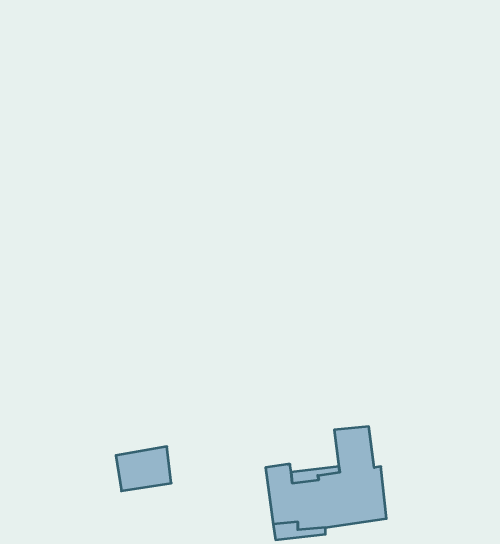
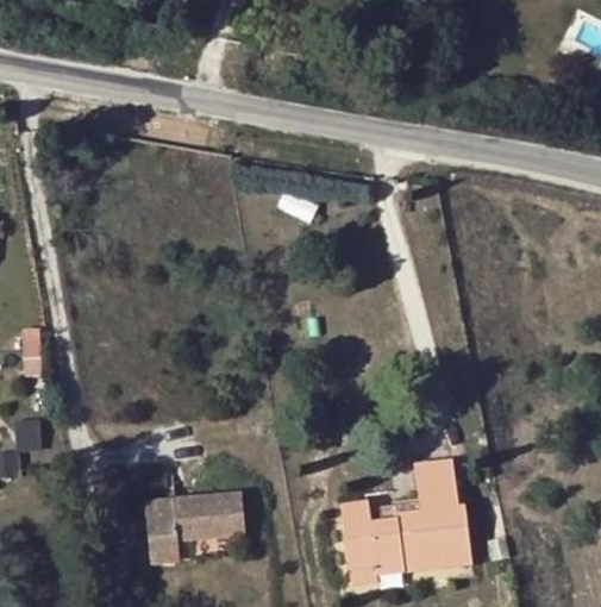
building: none -> [142,496,187,561]

